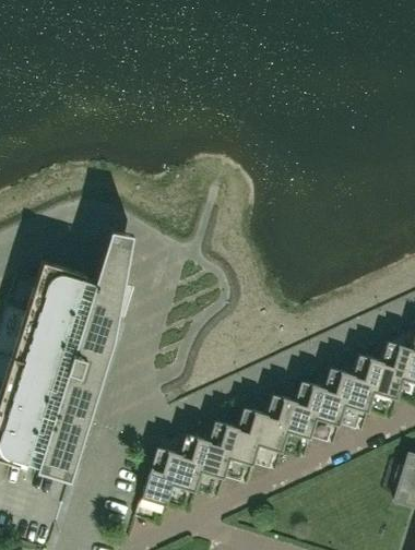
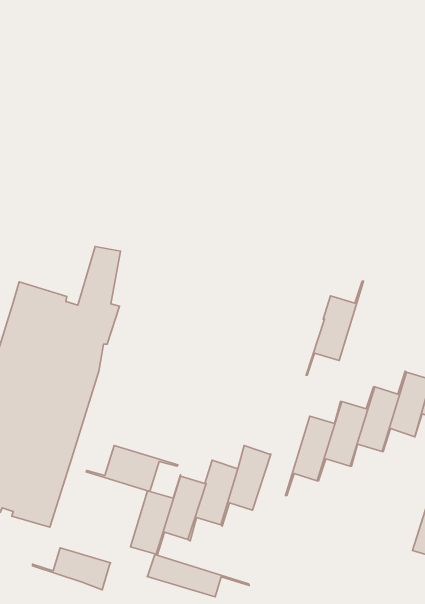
building: [251,381,303,465] -> [306,281,363,375]
building: none -> [86,445,178,491]
building: none -> [32,548,111,590]
building: none -> [147,555,249,597]

